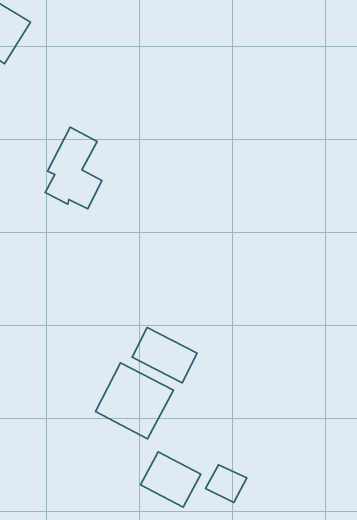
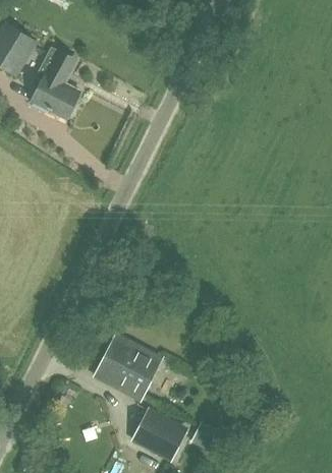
building: [45,127,102,209] -> [30,47,78,117]
building: [132,327,197,383] -> none

